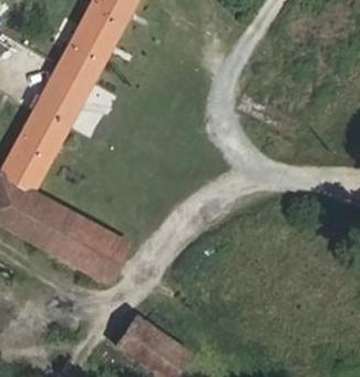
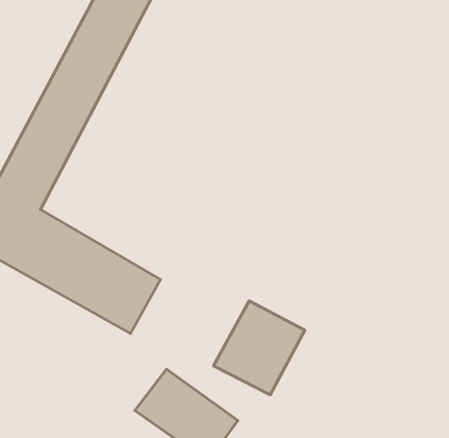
building: none -> [213,301,305,395]

